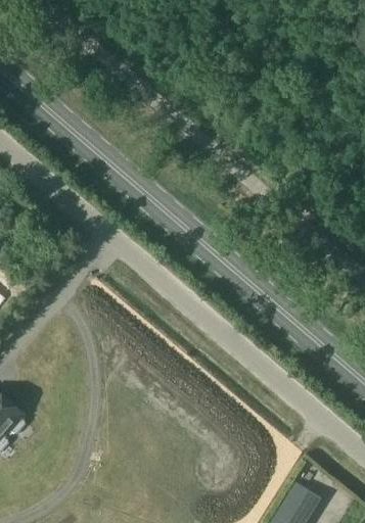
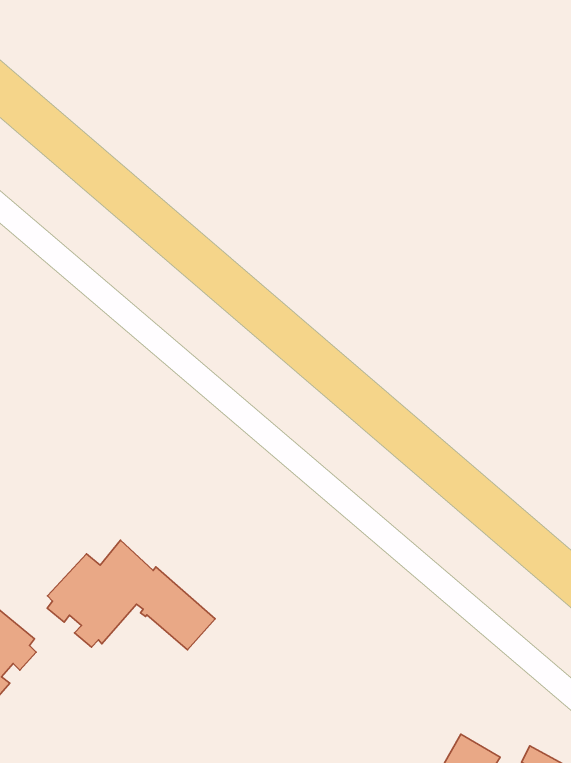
building: none -> [47,540,215,650]

